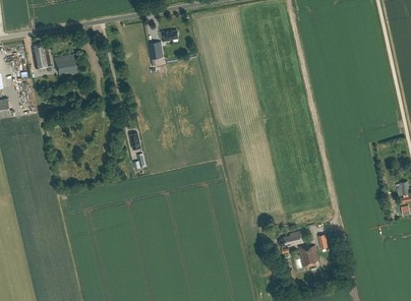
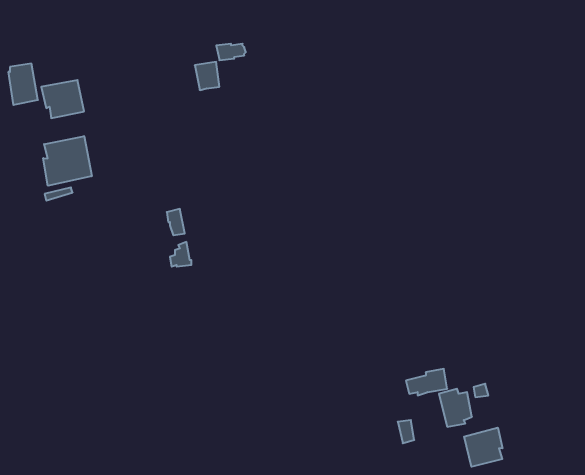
building: none -> [43,136,92,186]
building: none -> [464,428,502,467]

